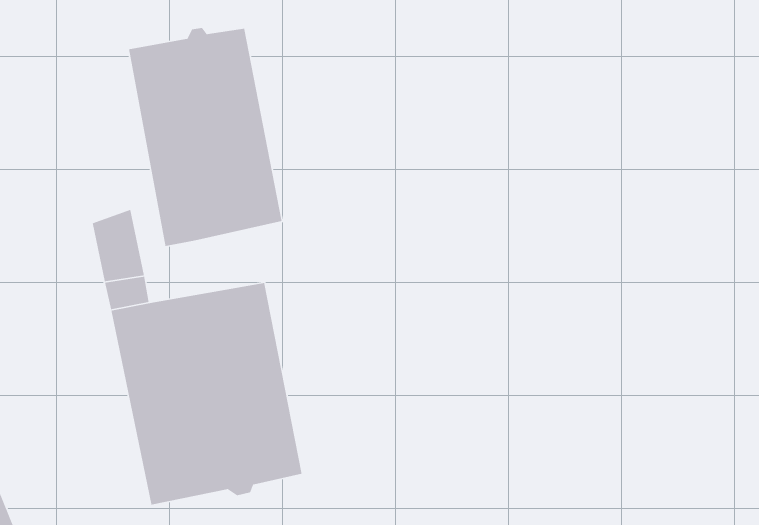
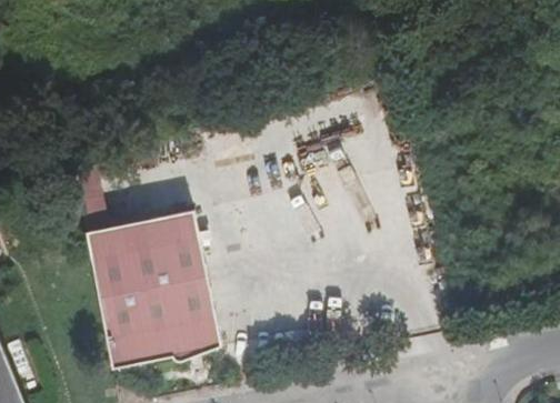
building: [128,27,283,247] -> none

